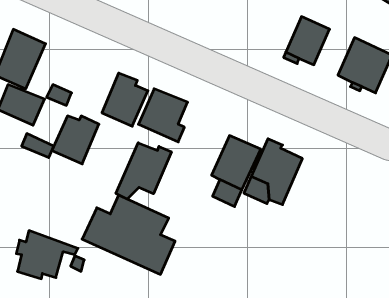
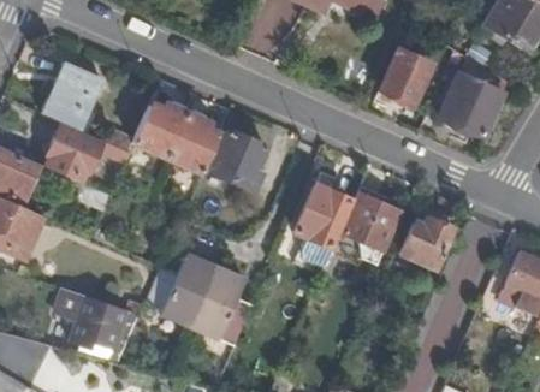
building: [52,116,99,164] -> [132,103,186,159]
building: [116,143,171,199] -> none
building: none -> [400,218,451,268]

